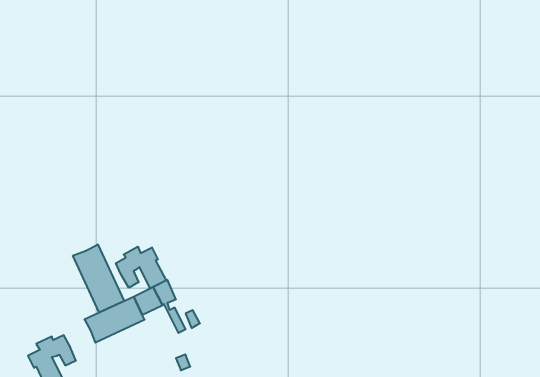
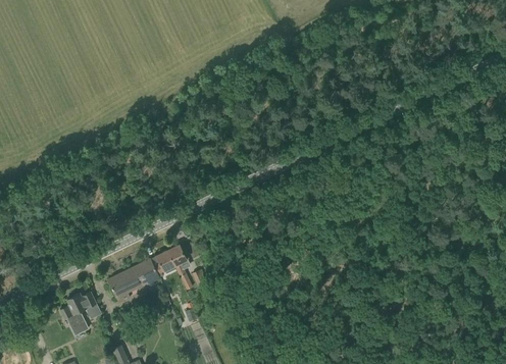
building: [73,244,124,312] -> none
building: [116,247,166,289] -> none

